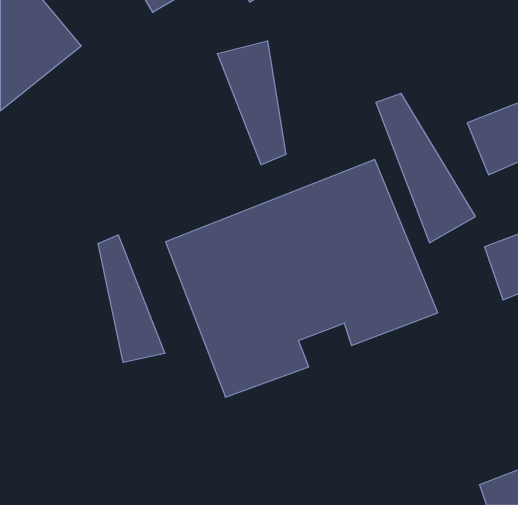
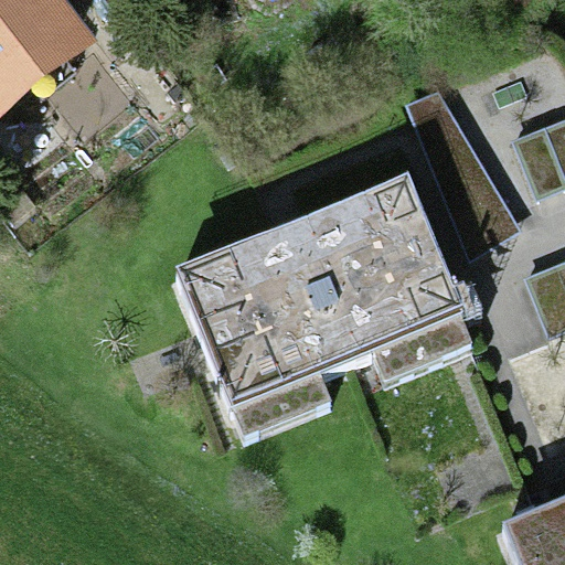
building: [217,41,286,165] -> none
building: [98,235,165,362] -> none

